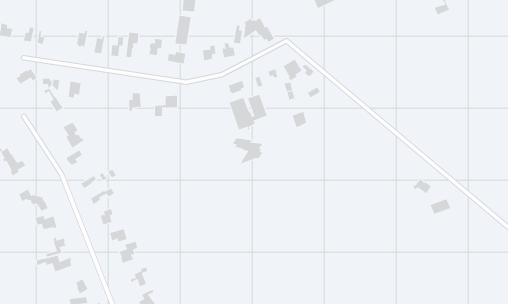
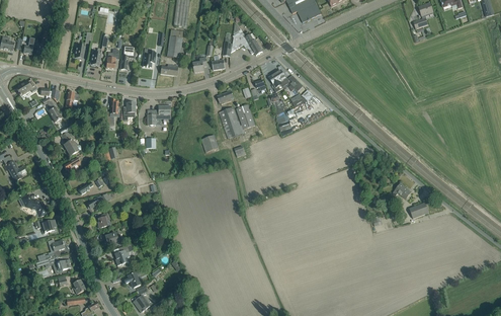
building: [232,137,263,165] -> none

